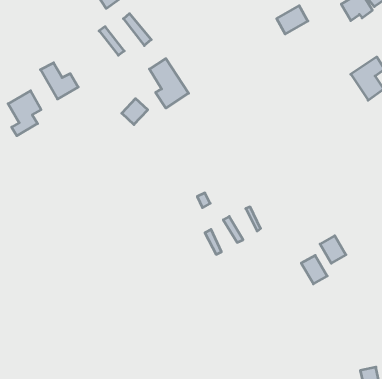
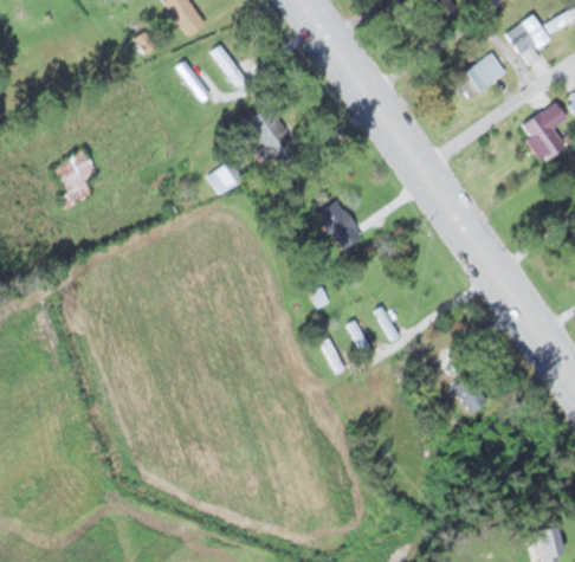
building: [277,6,308,34] -> [463,52,505,91]
building: [40,63,78,99] -> none
building: none -> [316,200,361,252]
building: [320,236,346,263] -> none

